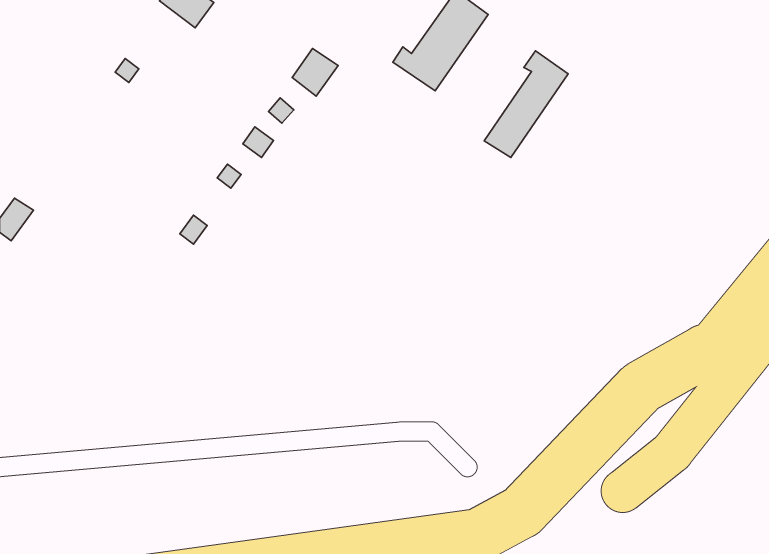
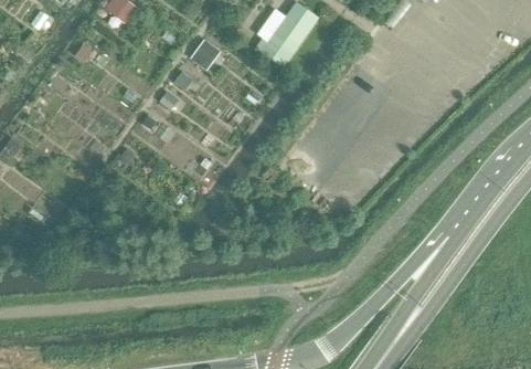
building: [484,51,568,157] -> none

